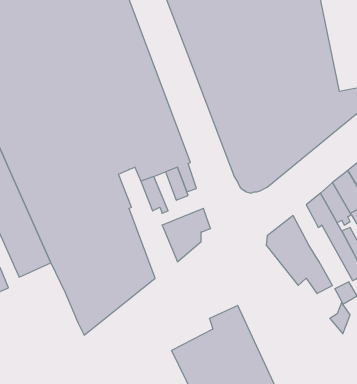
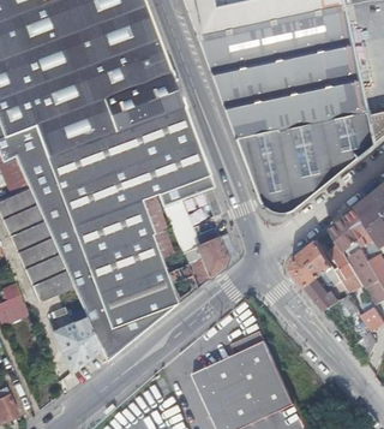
building: none -> [140,192,197,303]
building: none -> [328,244,358,286]
building: none -> [53,317,100,373]

